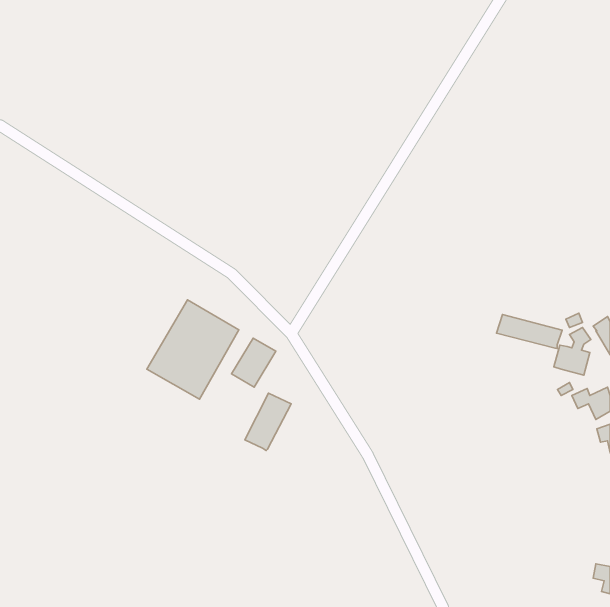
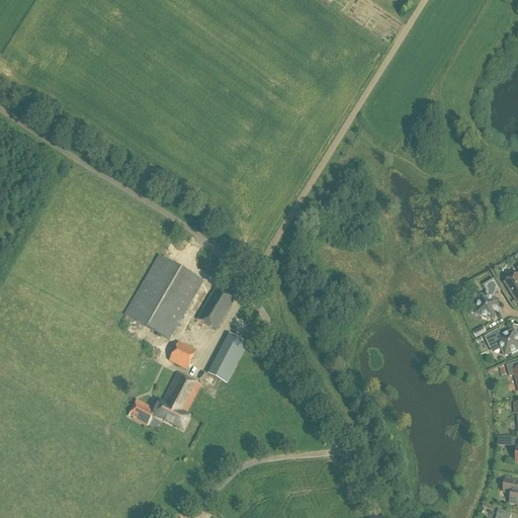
building: [497,314,562,348] -> none
building: none -> [169,340,195,367]
building: none -> [128,371,200,428]

